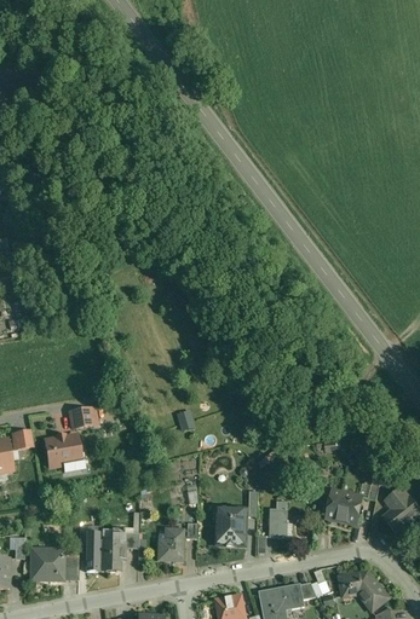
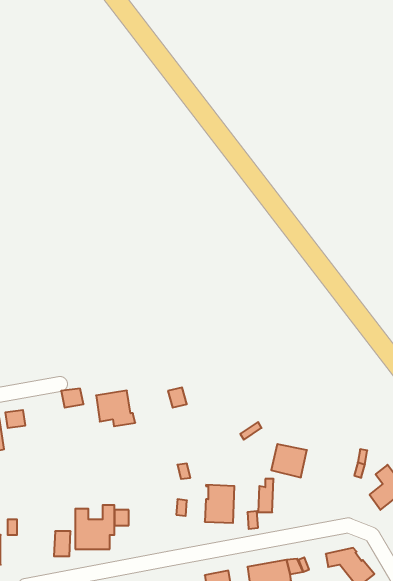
building: [45,435,85,472] -> [96,391,135,426]
building: [326,490,362,523] -> [271,444,307,477]
building: [157,527,183,560] -> none
building: [30,549,63,579] -> none

